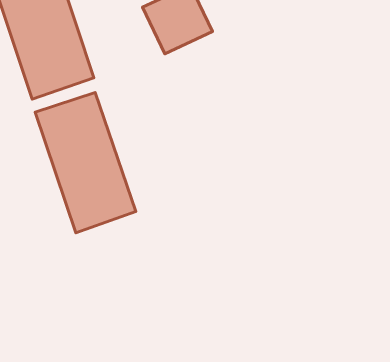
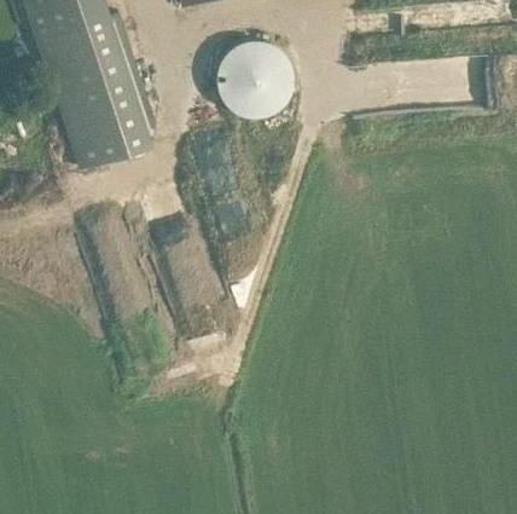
building: [35,93,136,233] -> none

